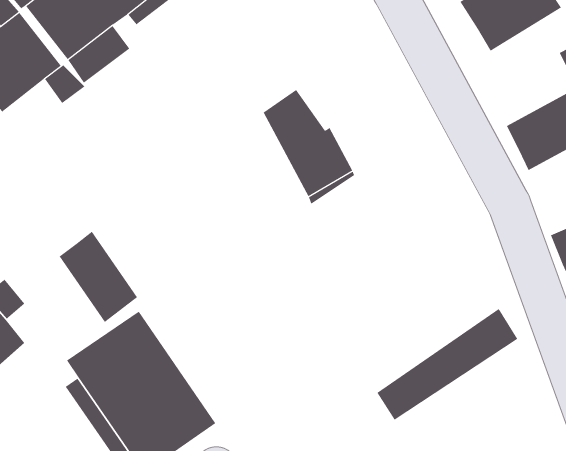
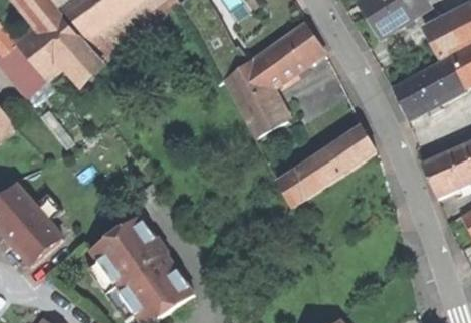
building: none -> [248,23,323,90]
building: [59,231,138,323] -> none
building: [377,308,518,420] -> [278,128,376,206]

